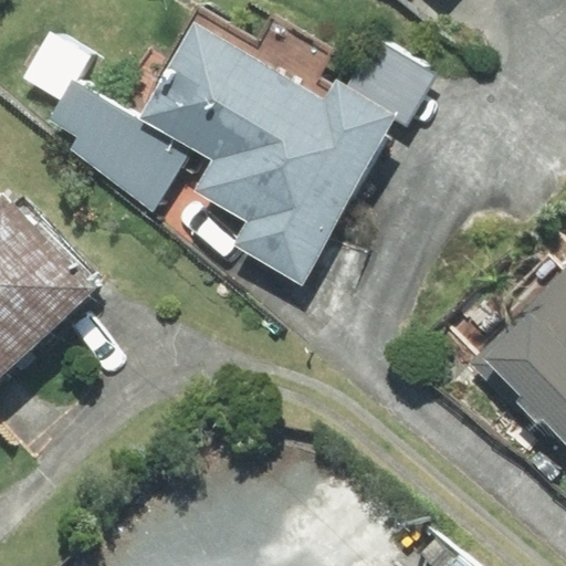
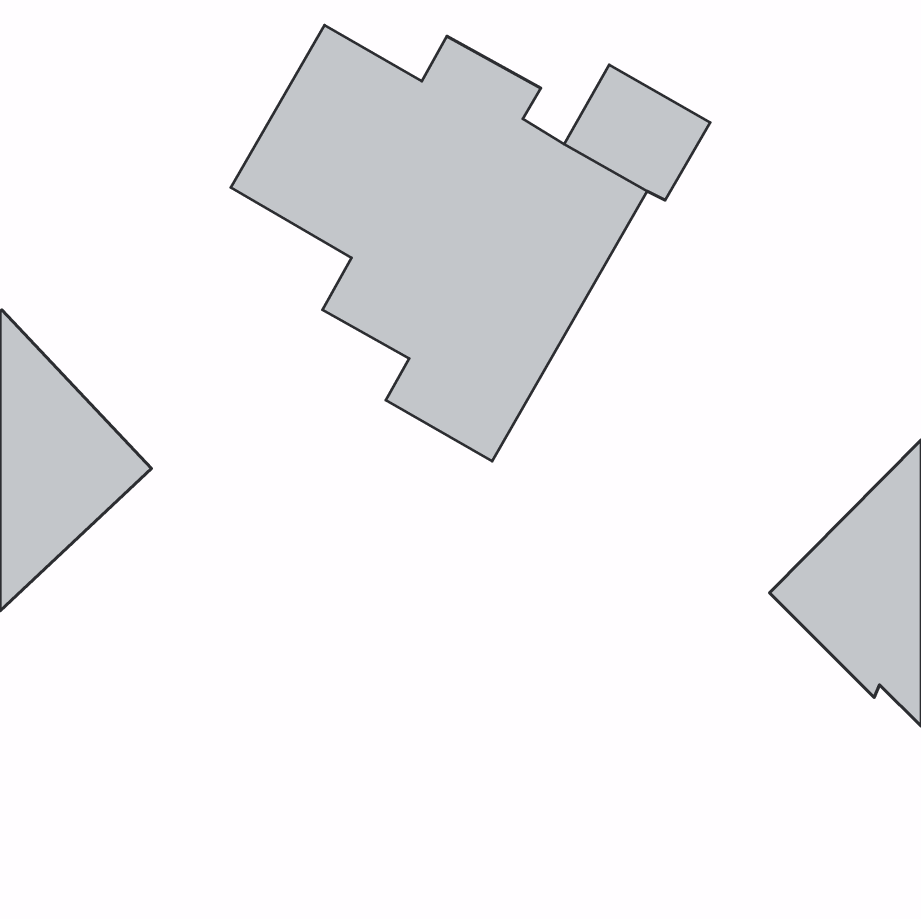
building: [50,82,190,211] -> none

